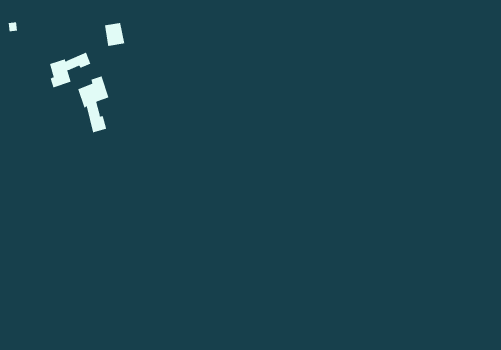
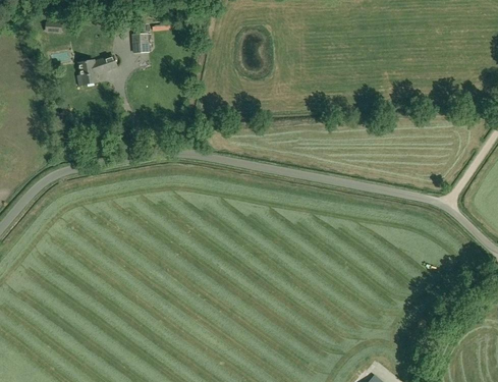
building: [77,75,109,133] -> none

